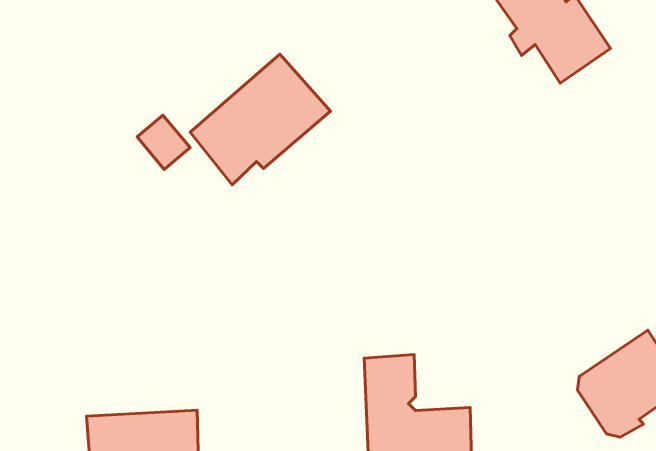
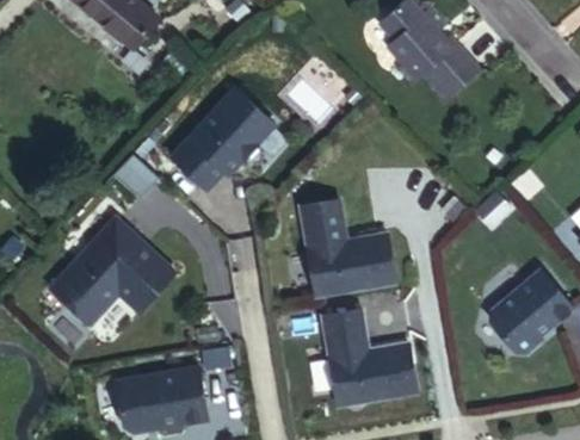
building: none -> [49,222,173,330]
building: none -> [298,202,393,297]

